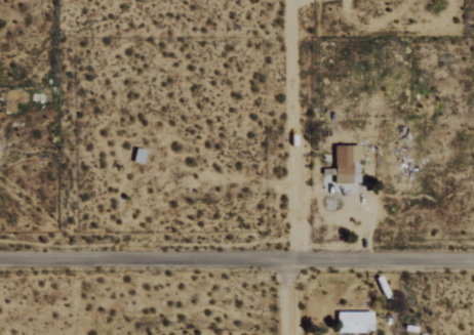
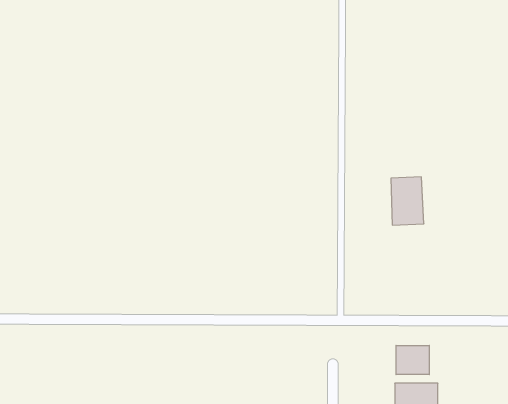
building: none -> [396,345,429,375]

